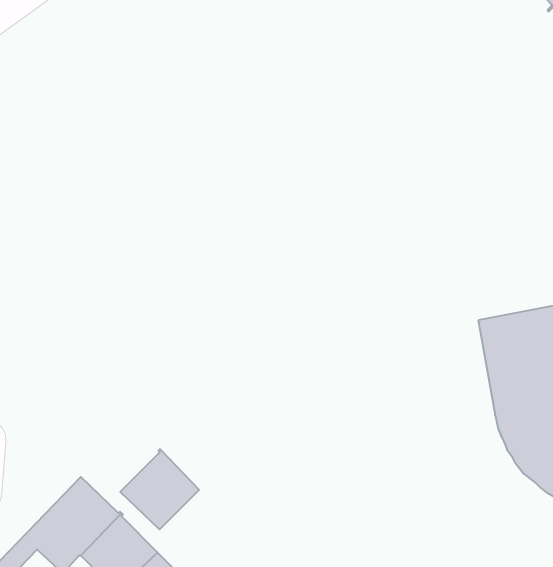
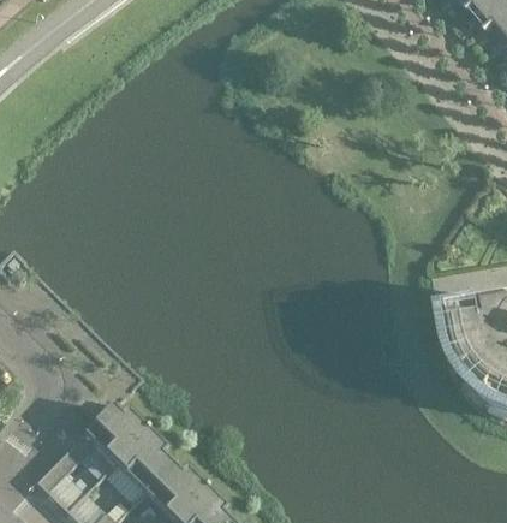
building: [120,449,199,529] -> none

